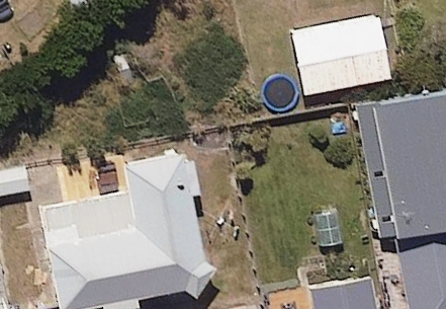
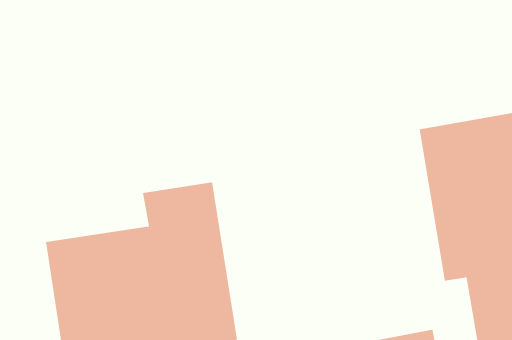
building: [292,16,389,94] -> none

